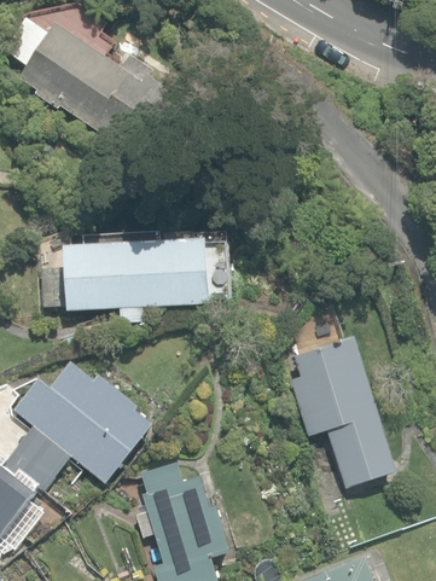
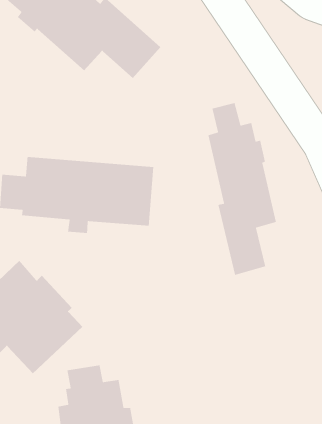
building: none -> [207,102,277,276]
building: [290,335,396,487] -> none

